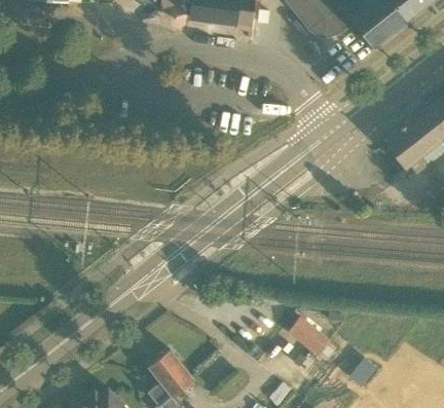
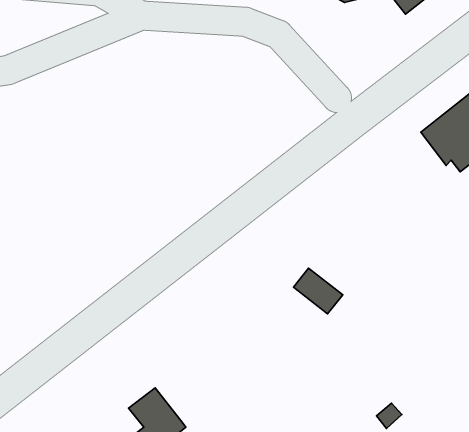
building: [291,320,331,357] -> [293,268,343,314]

